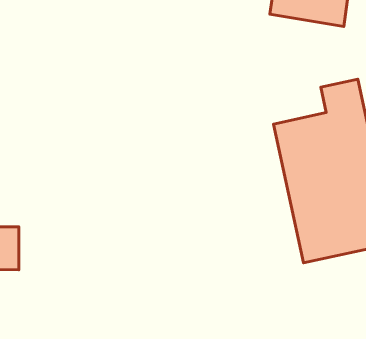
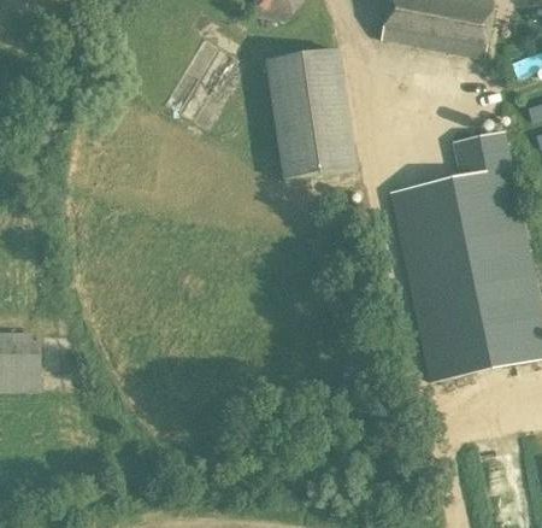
building: none -> [264,47,357,177]

